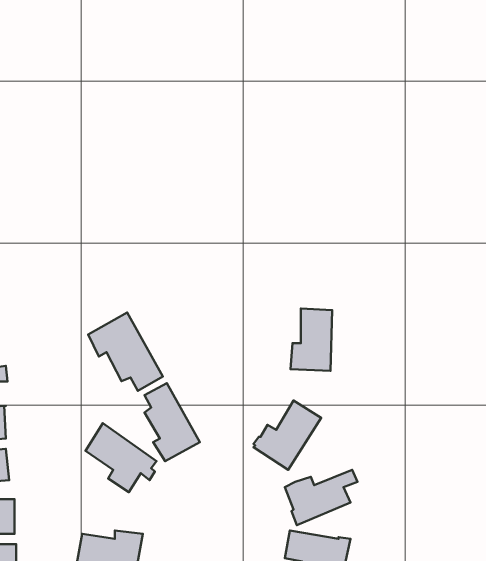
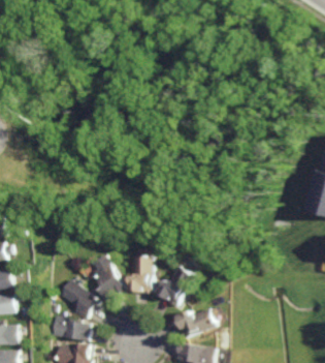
building: [291,308,332,371] -> [130,255,155,293]
building: [88,312,163,391] -> none
building: none -> [47,315,91,340]

